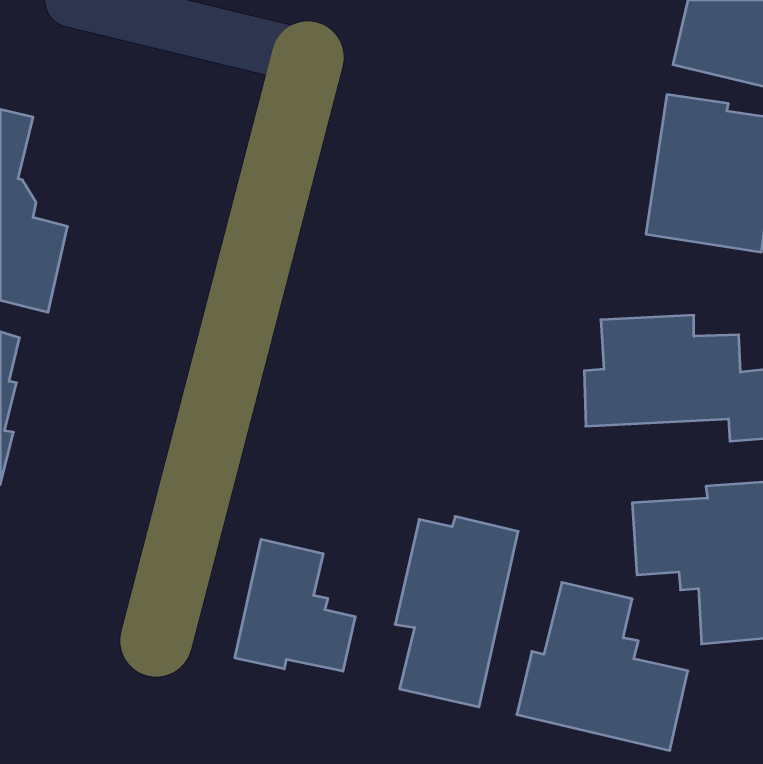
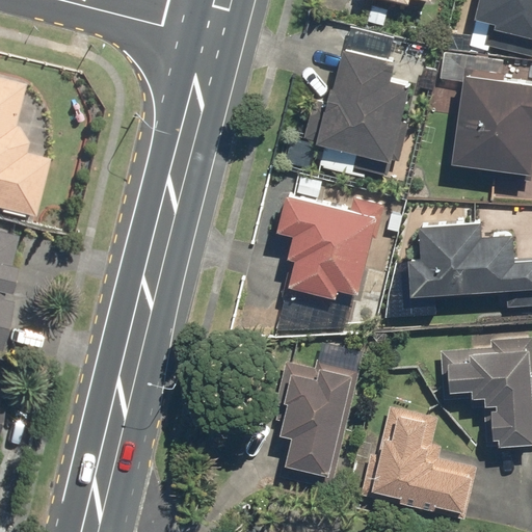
building: none -> [303,47,411,178]
building: none -> [276,193,381,311]
building: [235,539,355,671] -> none

